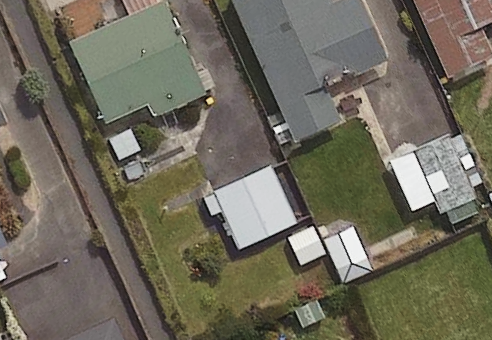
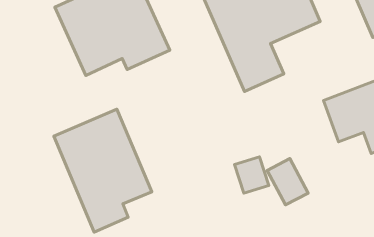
building: [198,160,292,241] -> none
building: none -> [54,109,152,232]

